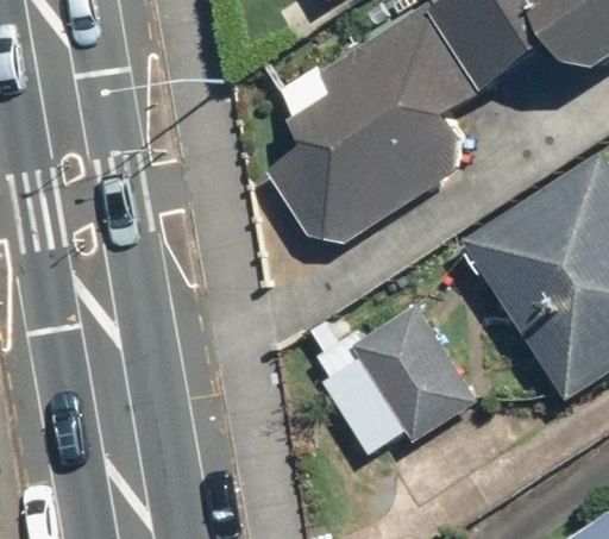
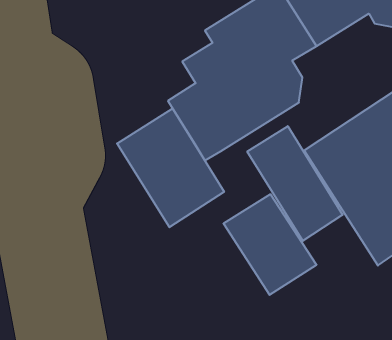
building: none -> [117,108,224,227]
building: none -> [247,126,343,241]

